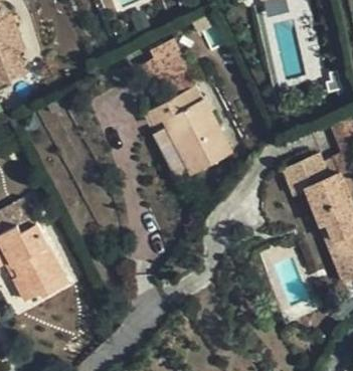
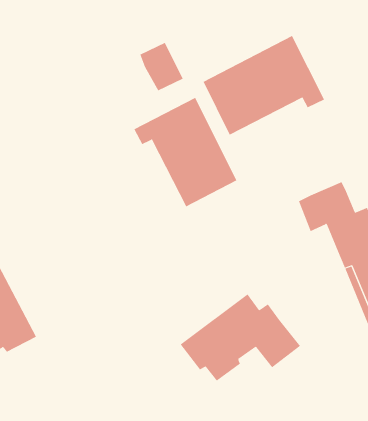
building: none -> [203,35,325,135]
building: none -> [180,293,301,382]

